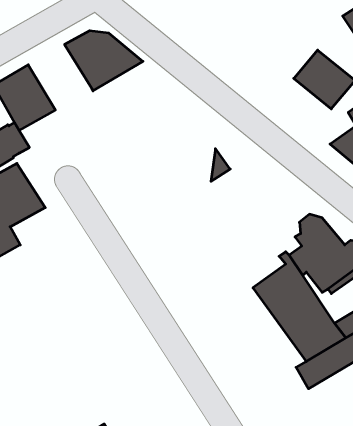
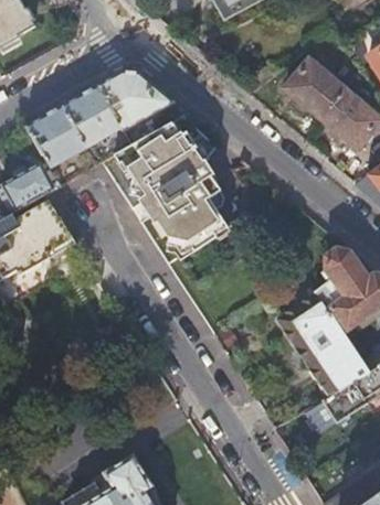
building: none -> [284,60,344,118]
building: none -> [62,85,124,149]
building: none -> [117,127,225,255]

